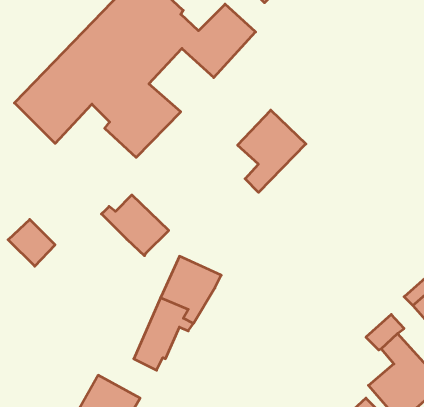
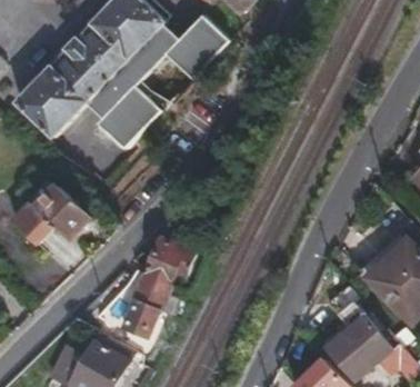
building: [238,110,306,192] -> none
building: [101,195,169,256] -> [30,186,89,239]

